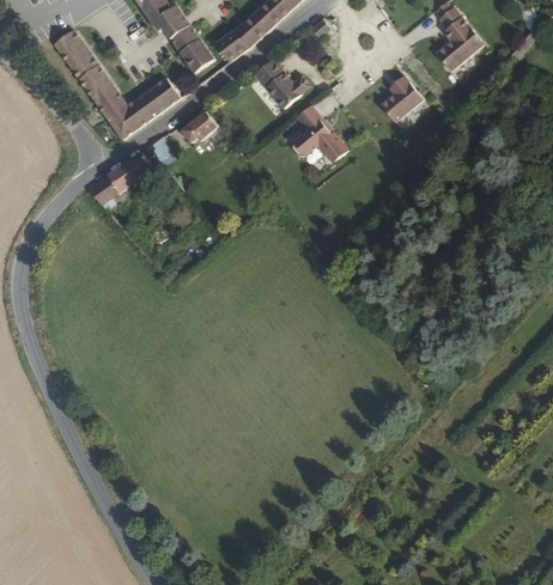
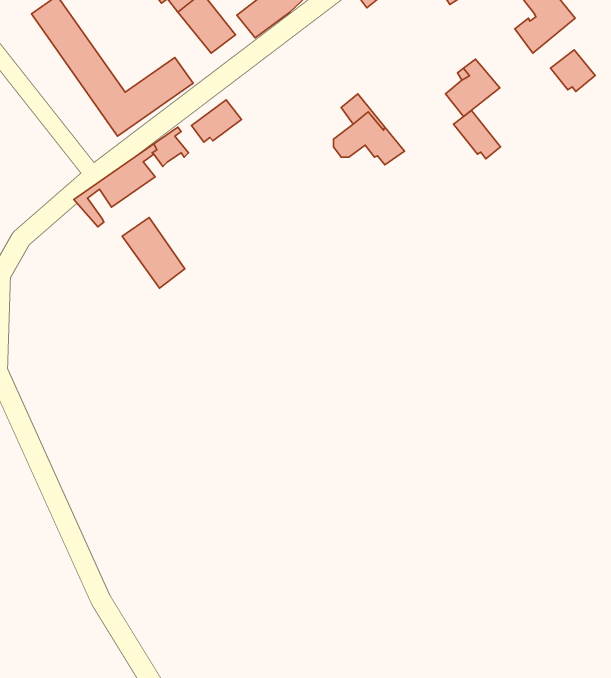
building: [255,57,311,108] -> none
building: none -> [551,50,595,91]
building: none -> [453,110,501,159]
building: none -> [122,217,185,288]

